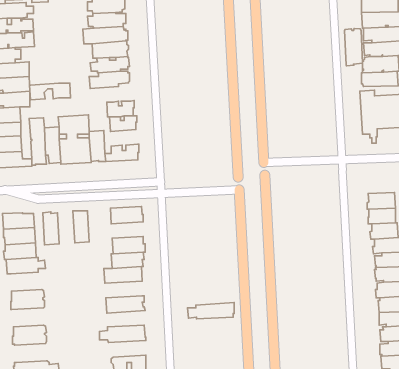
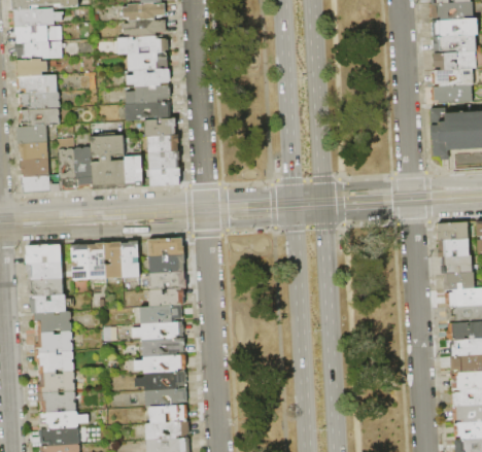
building: [345,28,363,66] -> none
building: [30,83,71,100] -> [124,102,170,120]
building: none -> [147,150,178,169]
building: none -> [122,240,139,277]
building: none -> [88,242,107,279]
building: none -> [148,254,185,273]
building: none -> [33,311,72,333]
building: none -> [133,321,184,340]
building: [187,303,234,319] -> [134,354,186,373]
building: none -> [35,351,74,373]
building: none -> [145,388,187,407]
building: none -> [37,391,76,413]

